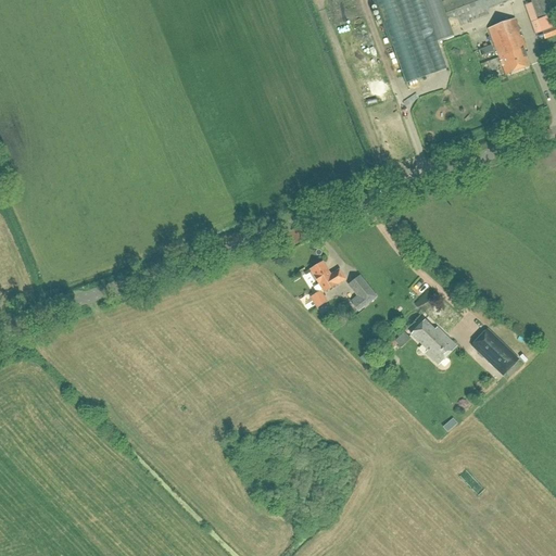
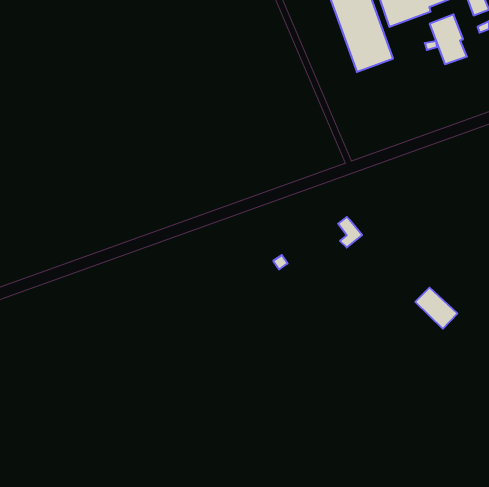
building: [308,260,344,290] -> none
building: [348,274,375,308] -> [338,217,362,248]
building: [409,318,455,364] -> none

